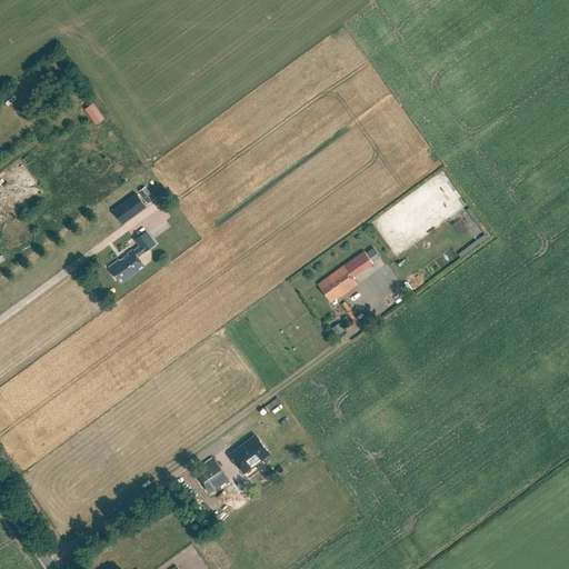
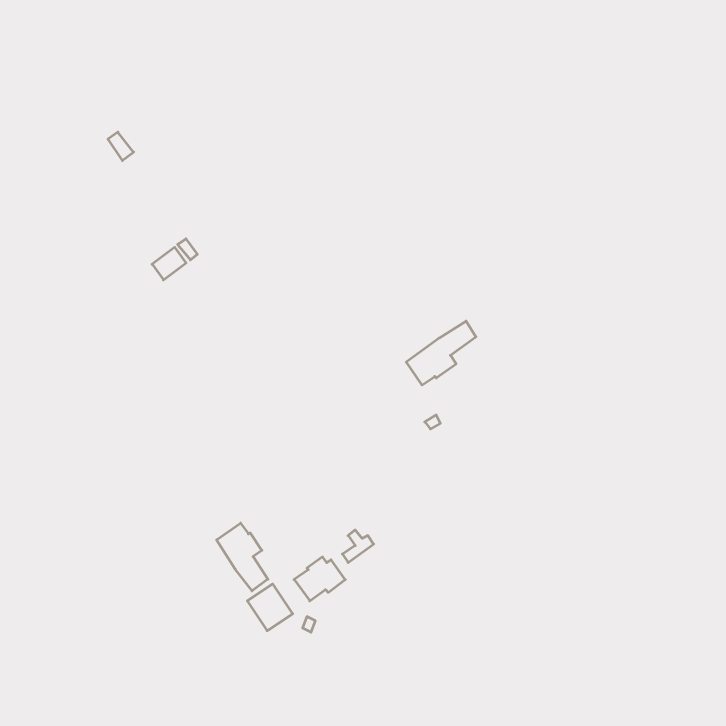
building: [108,232,156,281] -> none
building: none -> [217,523,268,591]

